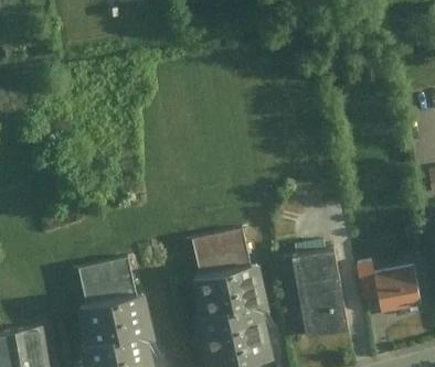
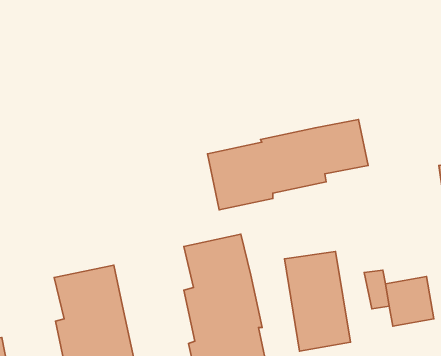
building: none -> [207,120,368,210]

